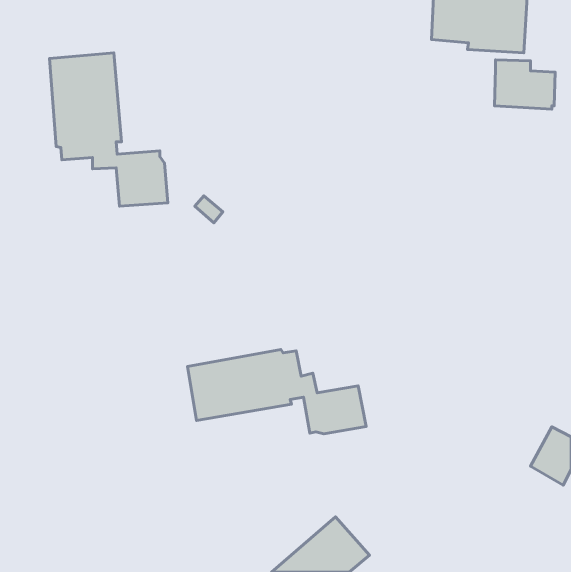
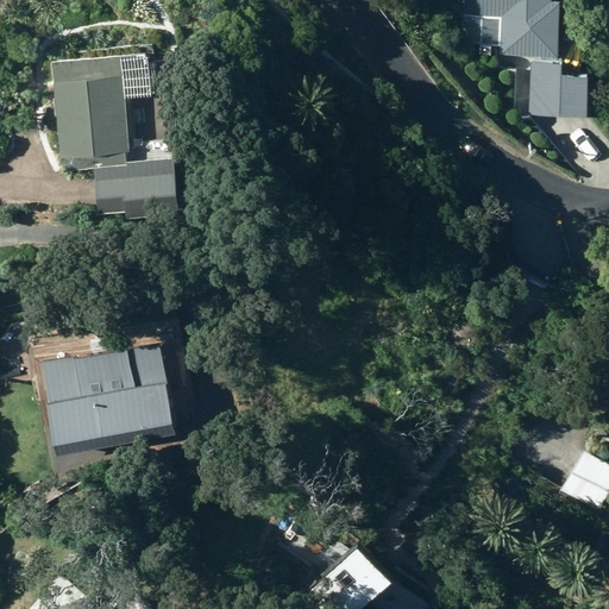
building: none -> [44,339,177,456]
building: [187,350,366,434] -> none

